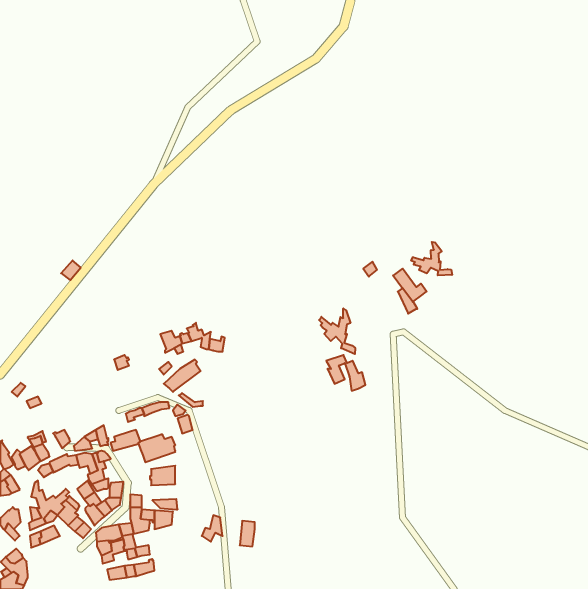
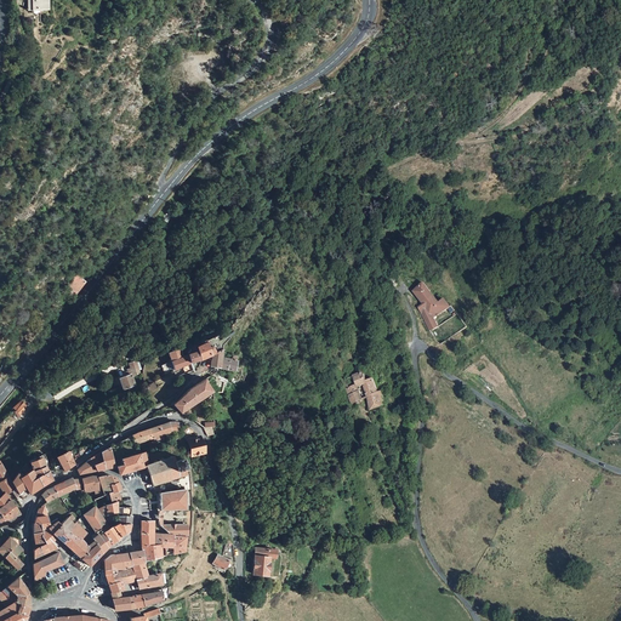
building: [411,242,452,275] -> none
building: [319,308,355,354] -> none

